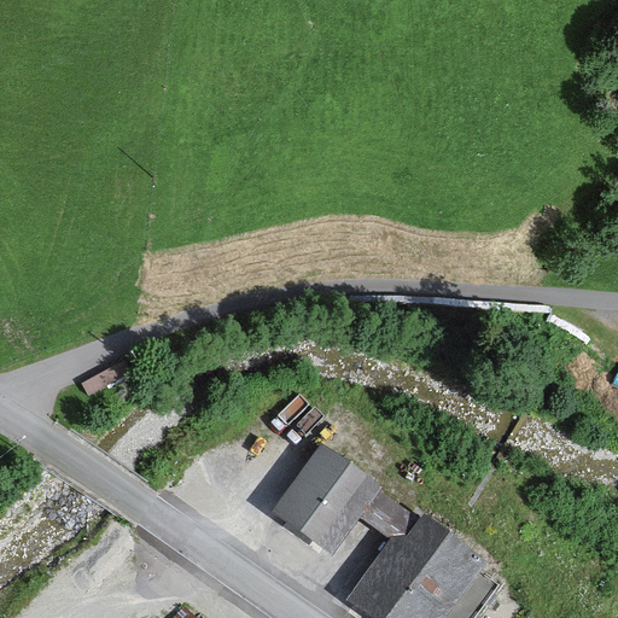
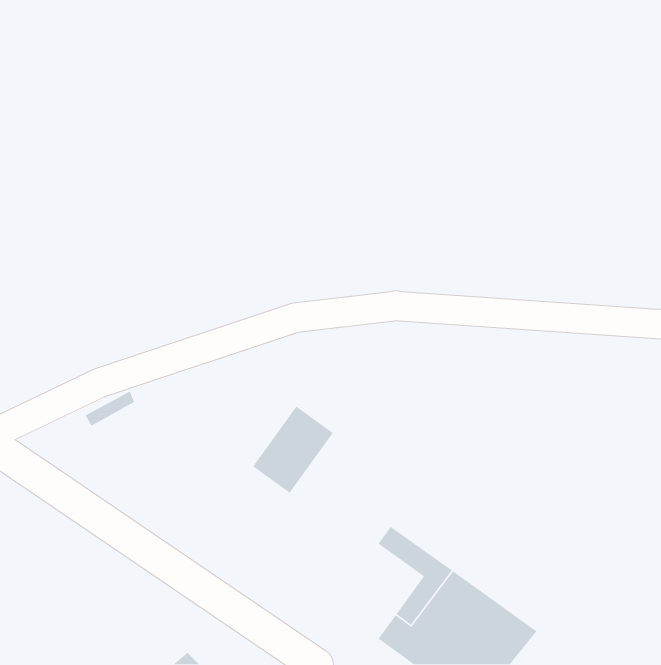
building: [286,462,362,544] -> [252,405,334,494]

